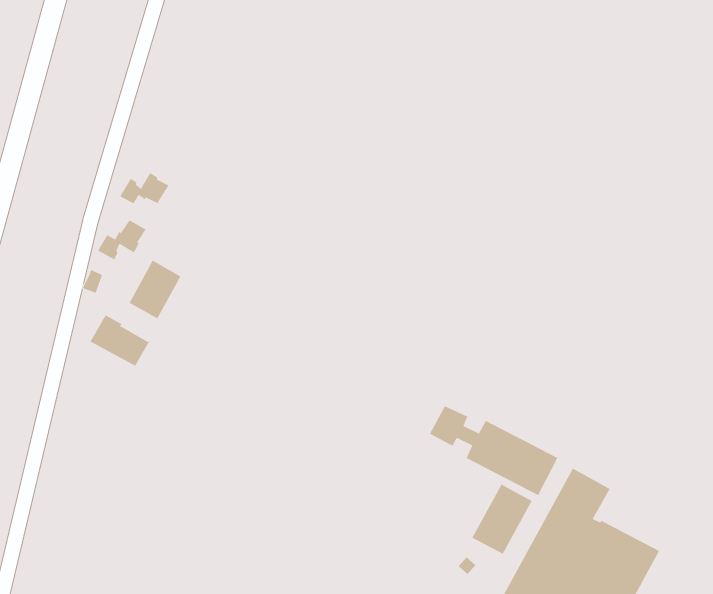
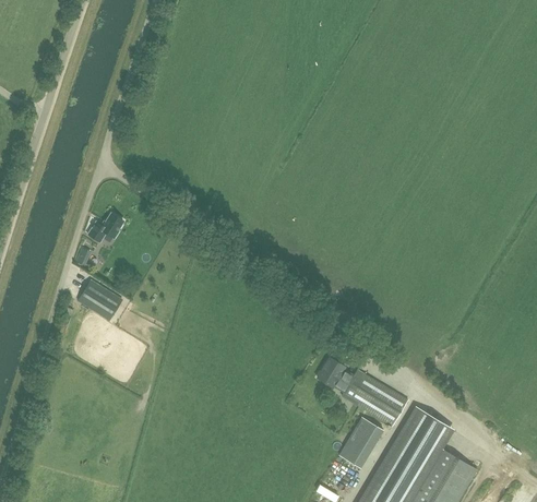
building: [119,172,169,204] -> none
building: [129,260,181,319] -> none

